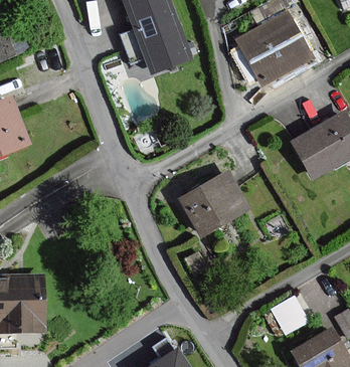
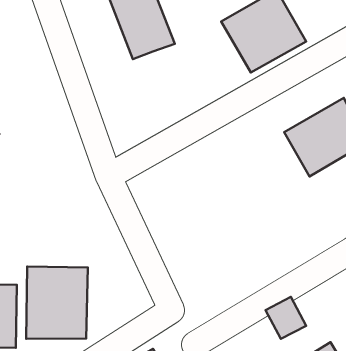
building: [177,171,248,235] -> none
building: none -> [26,266,88,339]

